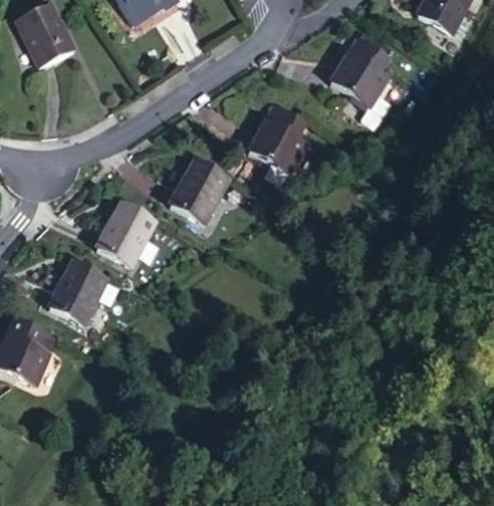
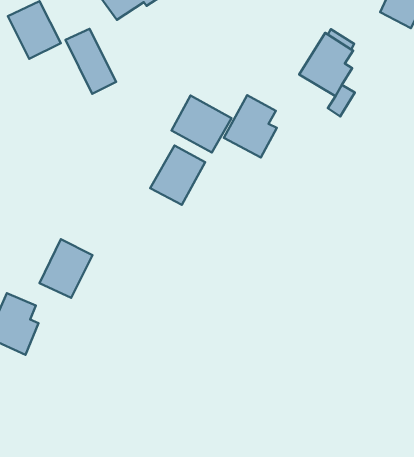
building: none -> [65,29,116,94]
building: none -> [171,95,231,152]
building: [96,201,156,267] -> none

